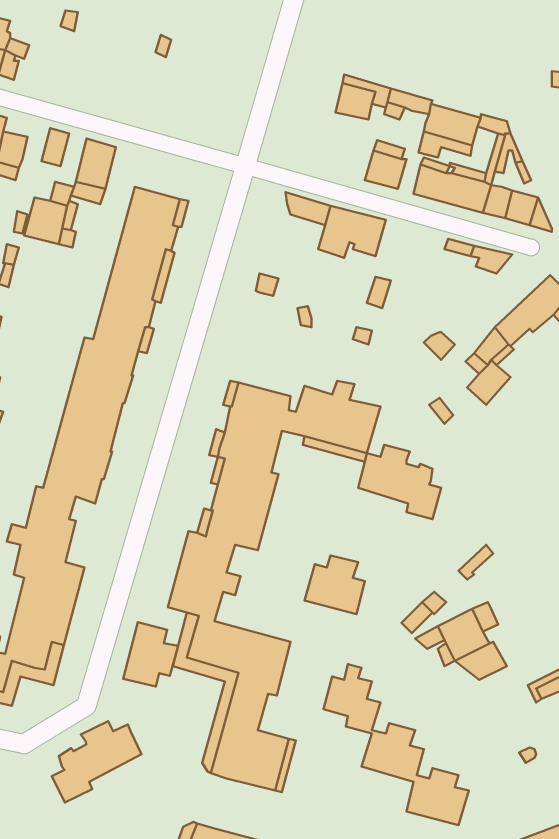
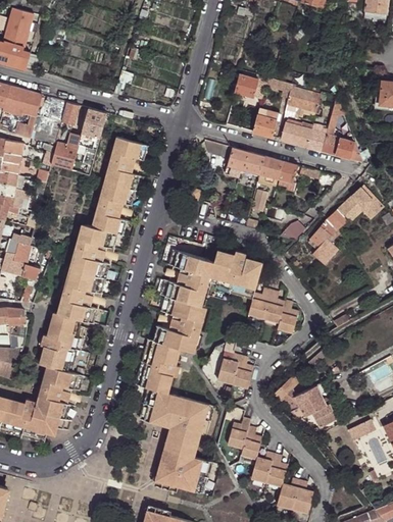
building: none -> [257,155,297,190]
building: [123,622,178,686] -> none
building: [52,721,142,803] -> none

